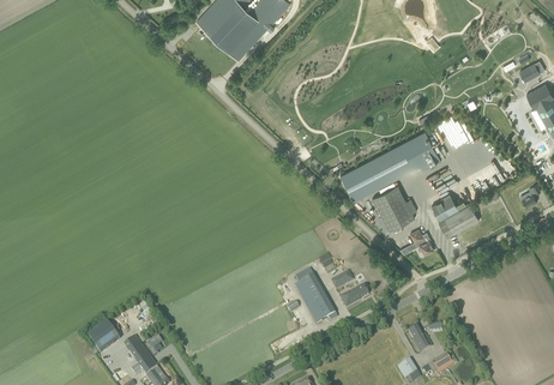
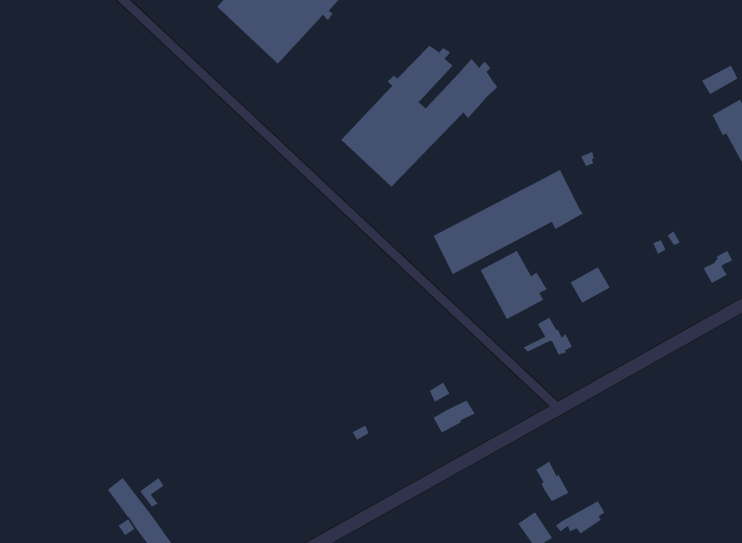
building: none -> [340,45,498,187]
building: [439,204,478,237] -> none
building: [295,267,337,324] -> none
building: [88,320,120,353] -> none

